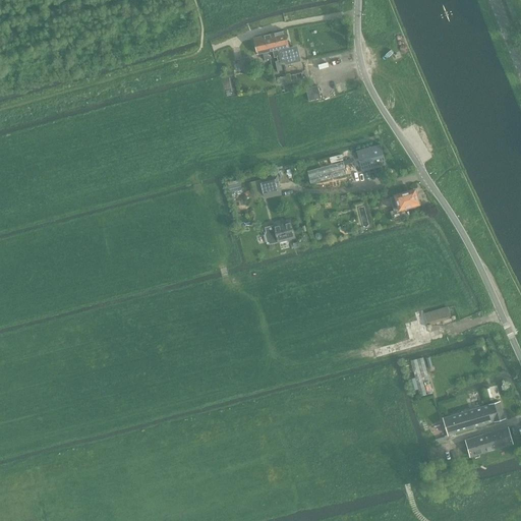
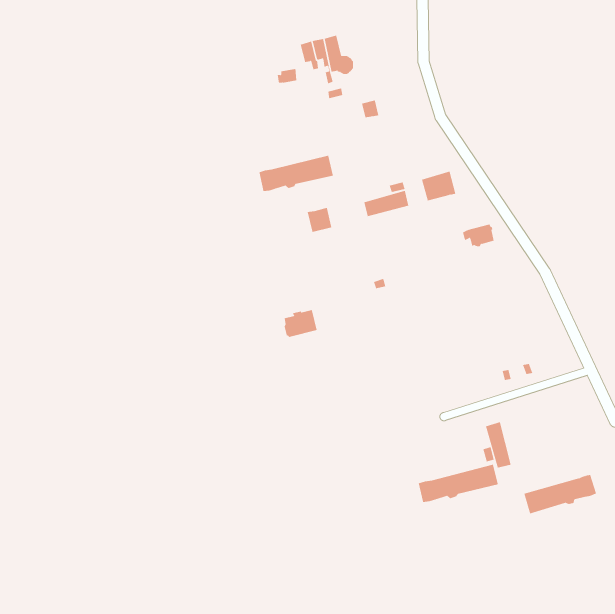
building: none -> [259,155,334,192]
building: [266,220,294,243] -> [284,310,317,337]
building: none -> [418,464,499,503]
building: [465,426,512,456] -> none

